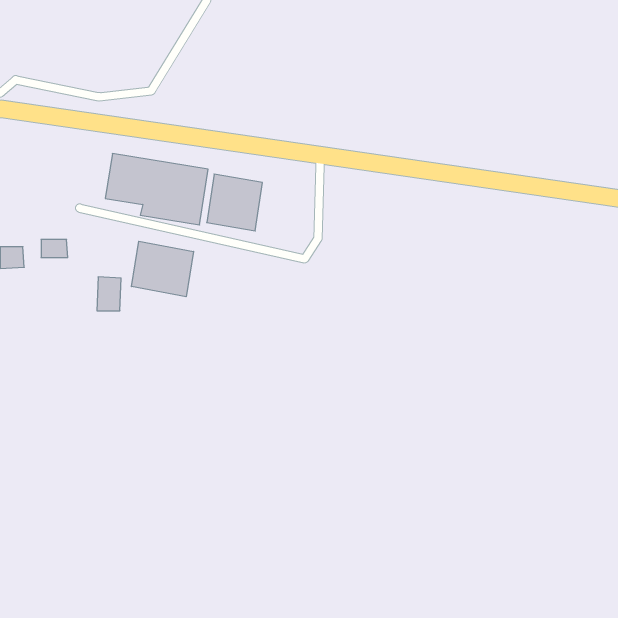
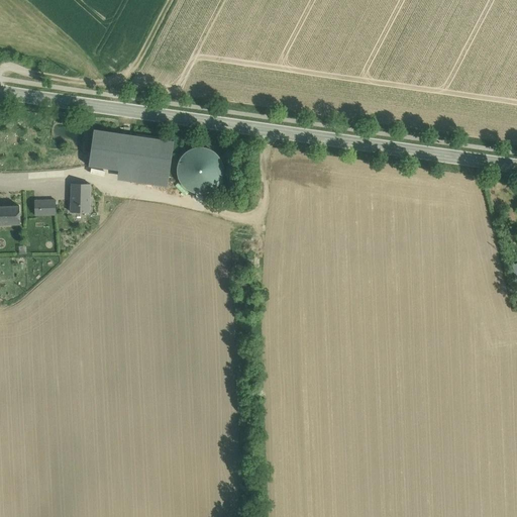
building: [131,241,194,297] -> none
building: [97,277,121,311] -> [71,184,91,212]

